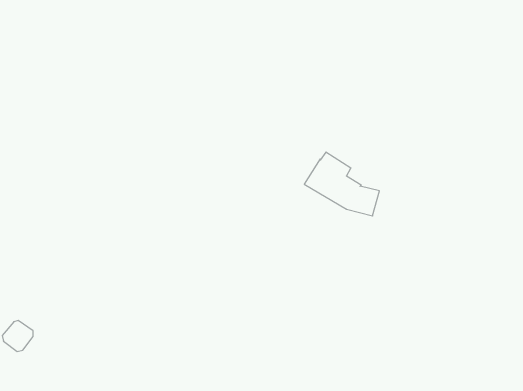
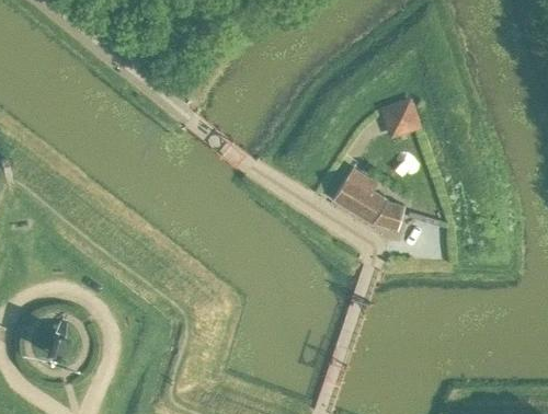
building: none -> [384,103,415,134]

